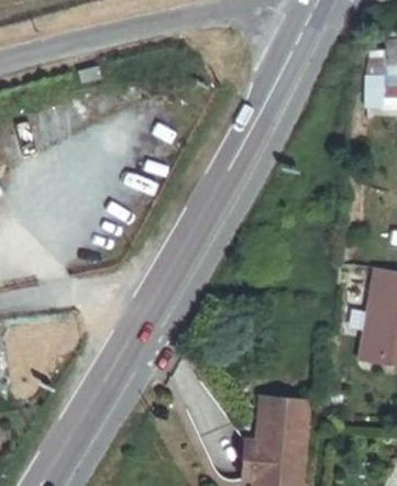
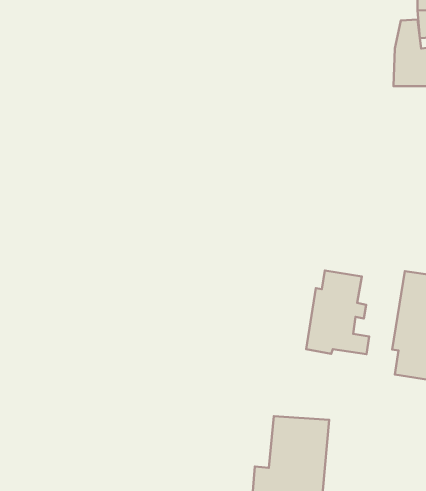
building: none -> [306,270,369,354]

